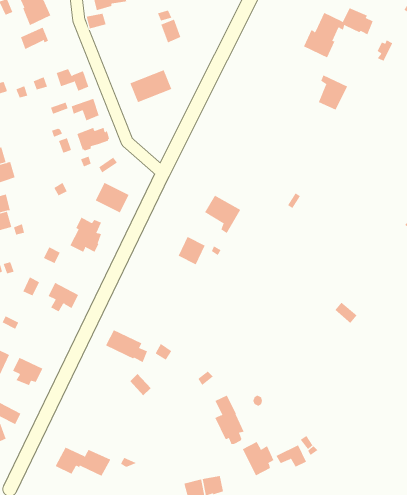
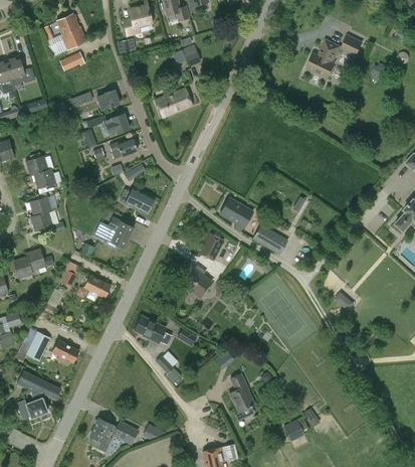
building: [318,74,348,110] -> none
building: none -> [251,224,287,256]
building: none -> [181,266,212,298]
building: [242,441,274,476] -> none

